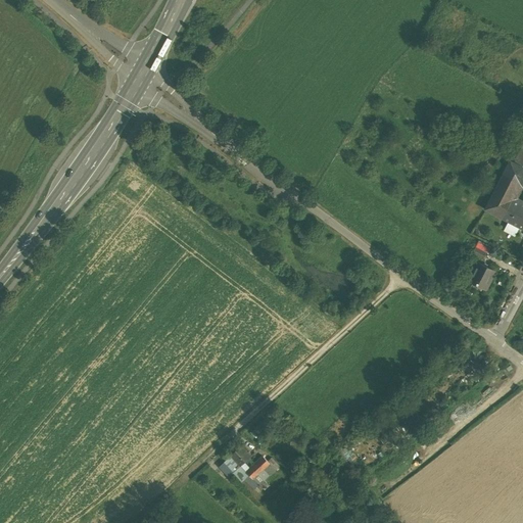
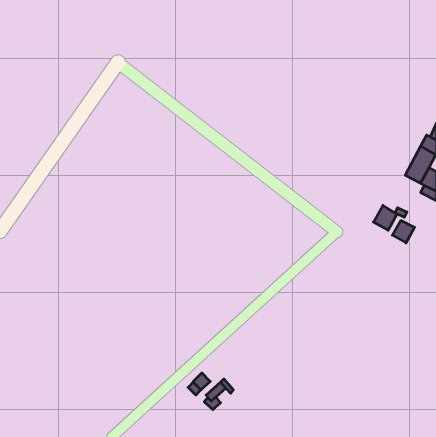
building: none -> [373,205,397,230]

